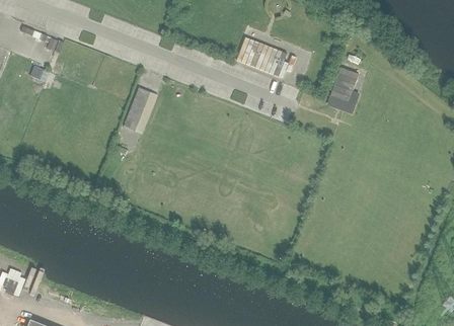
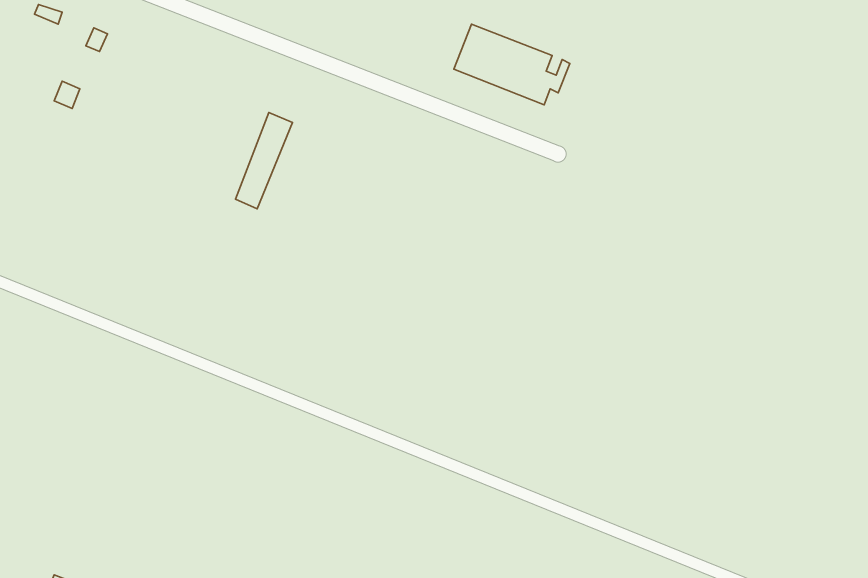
building: [329,68,358,103] -> none

